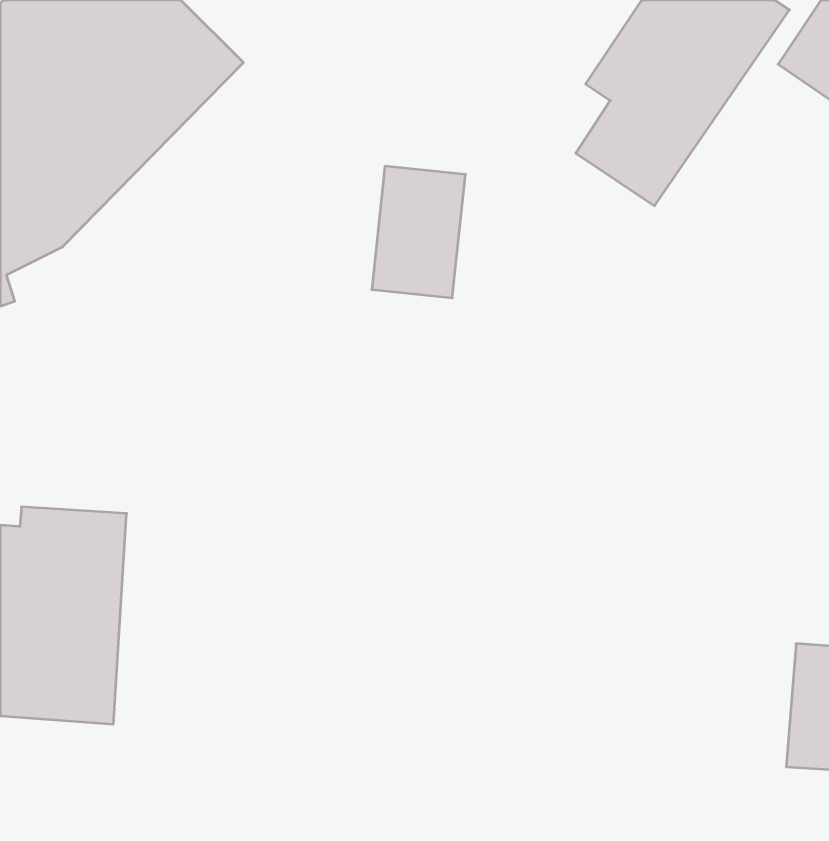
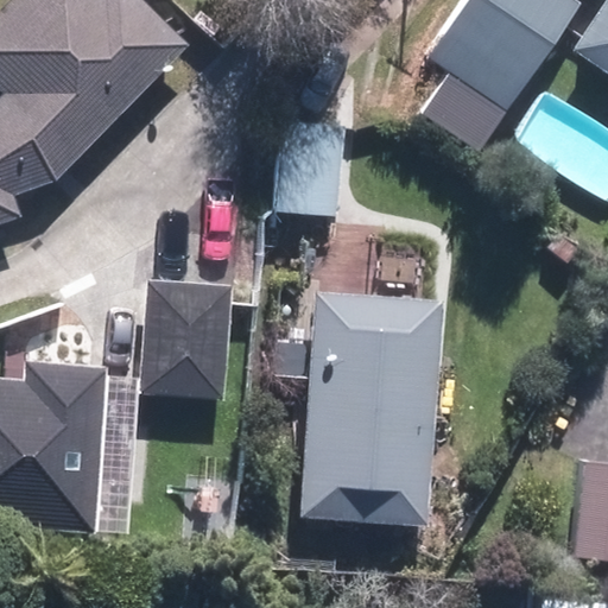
building: none -> [145,284,230,394]
building: none -> [298,296,438,522]

